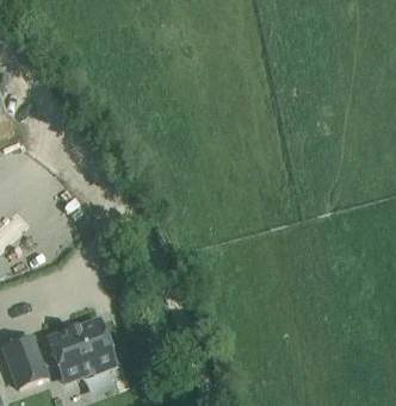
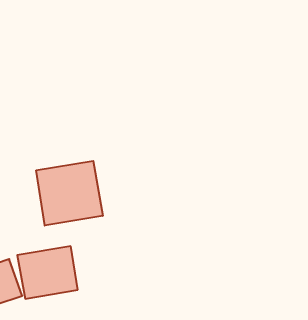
building: none -> [36,161,103,226]

